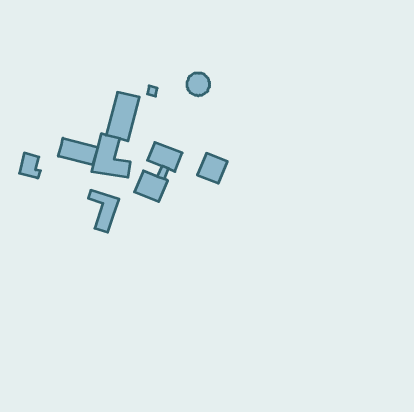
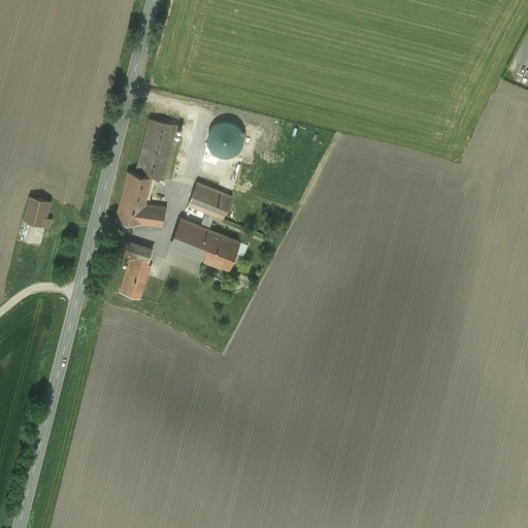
building: [187,73,210,96] -> [212,123,241,152]
building: [58,138,98,165] -> none
building: [197,153,227,183] -> [202,232,240,270]

